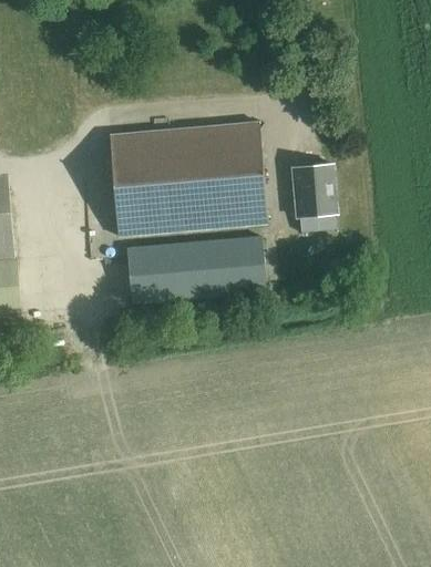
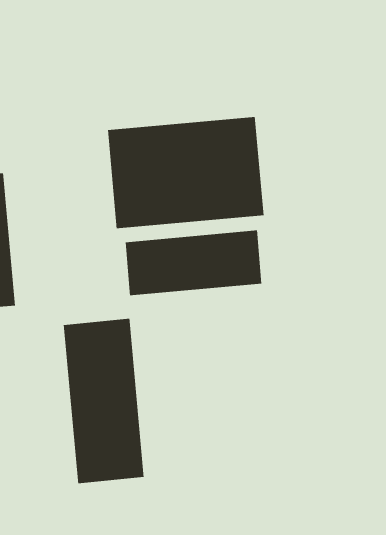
building: [293,162,338,216] -> none
building: none -> [63,318,144,484]

